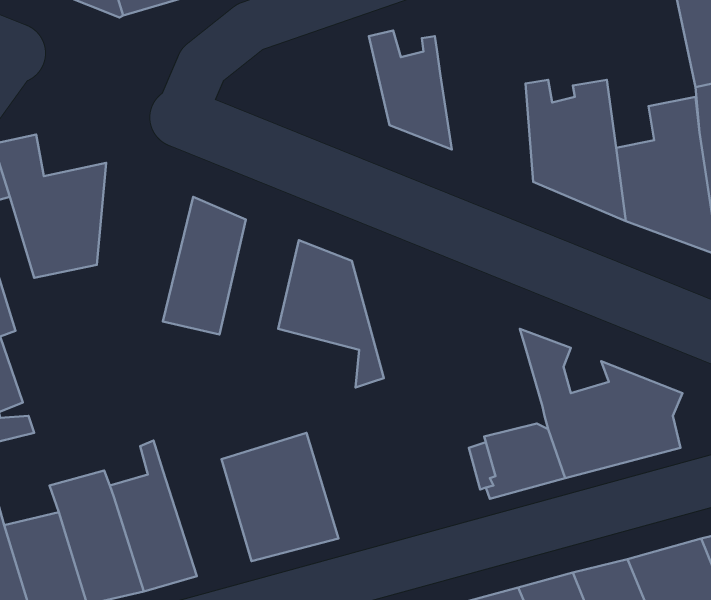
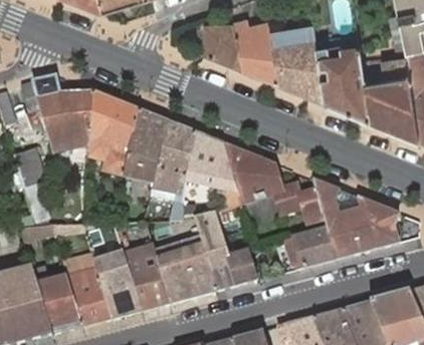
building: none -> [202,22,243,69]
building: none -> [268,23,320,99]
building: none -> [87,89,139,174]
building: none -> [150,119,195,219]
building: none -> [223,141,325,223]
building: none -> [194,212,258,289]
building: none -> [123,244,170,309]

